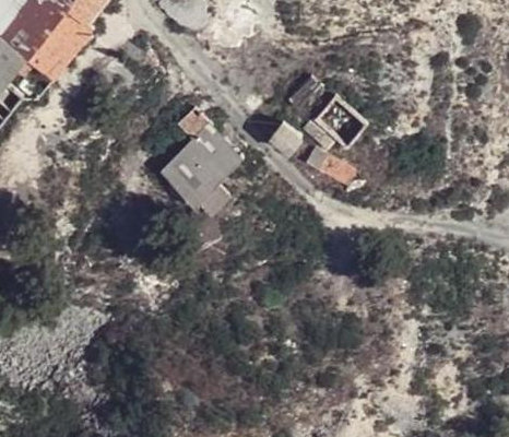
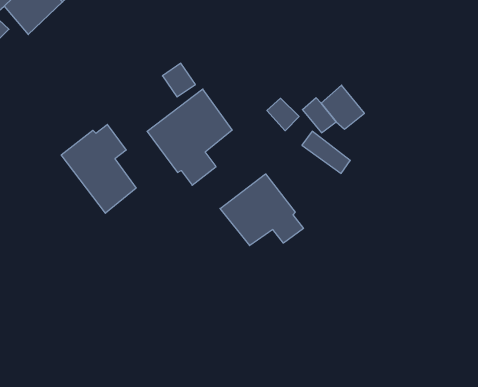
building: none -> [61,124,136,213]
building: none -> [220,174,303,246]

